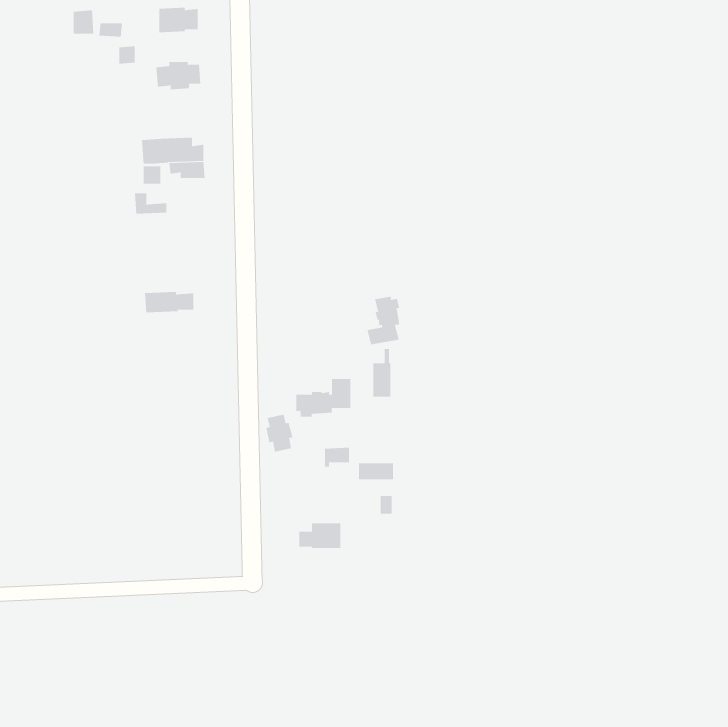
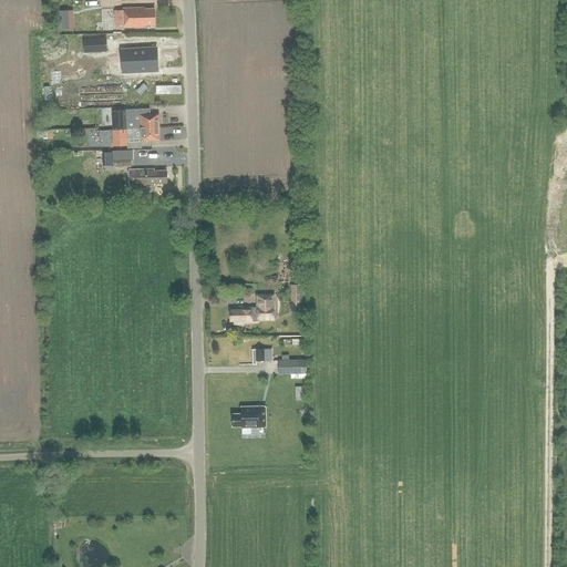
building: [144,291,194,313] -> [127,167,166,184]
building: [367,296,400,345] -> none
building: [266,414,293,453] -> none

